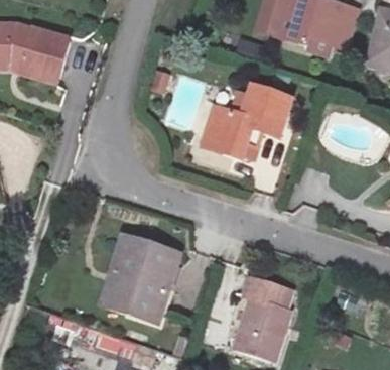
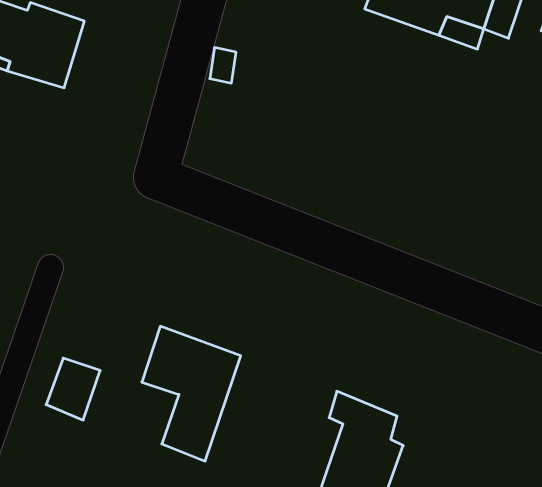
building: [203,94,292,171] -> none
building: [98,274,133,315] -> [46,358,100,420]

